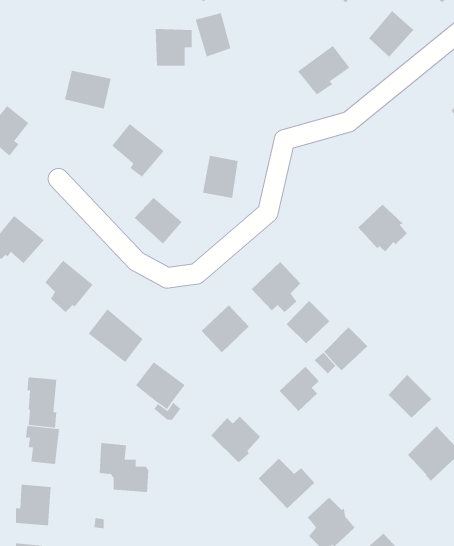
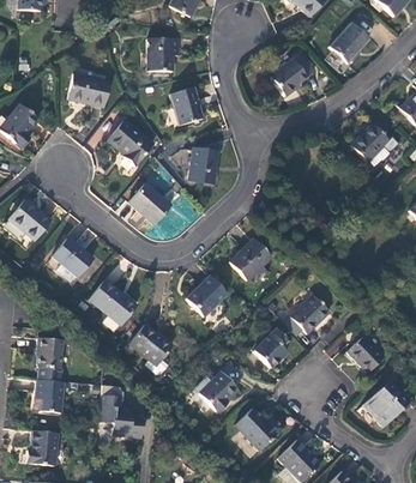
building: [195,12,231,57] -> [171,86,203,125]
building: [357,204,408,253] -> [350,123,393,165]
building: [286,300,330,344] -> none

